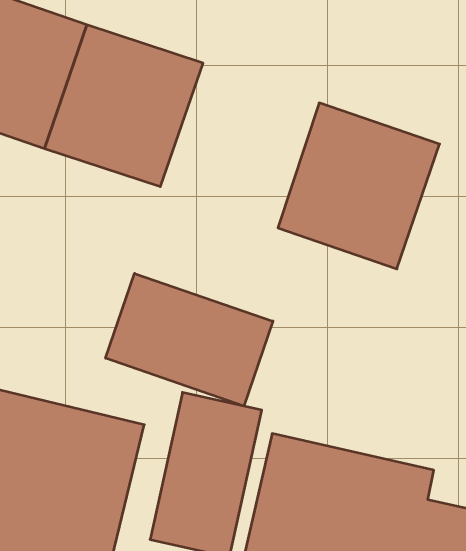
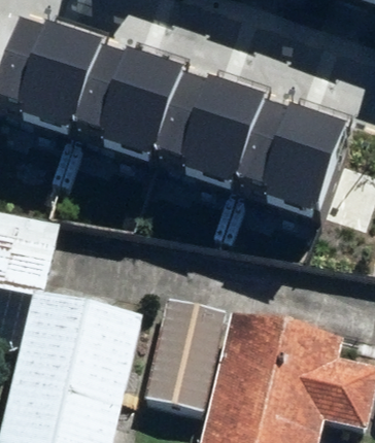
building: none -> [151,63,263,178]
building: [106,273,273,406] -> none

